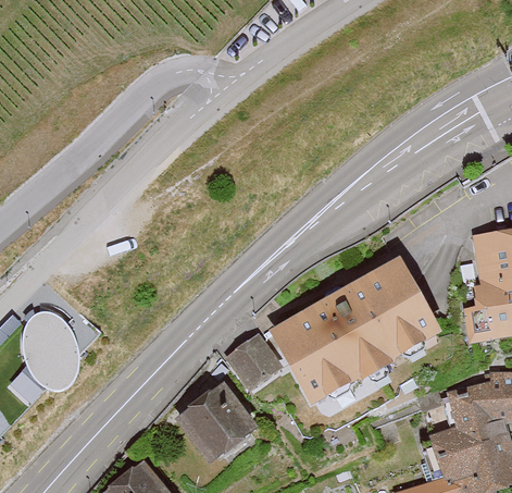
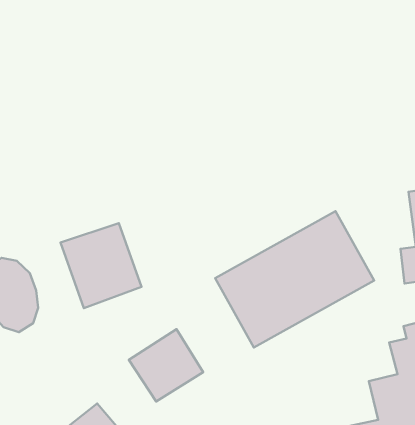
building: none -> [61,223,142,308]
building: [227,332,279,387] -> none

